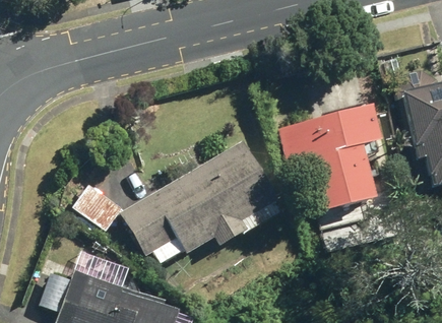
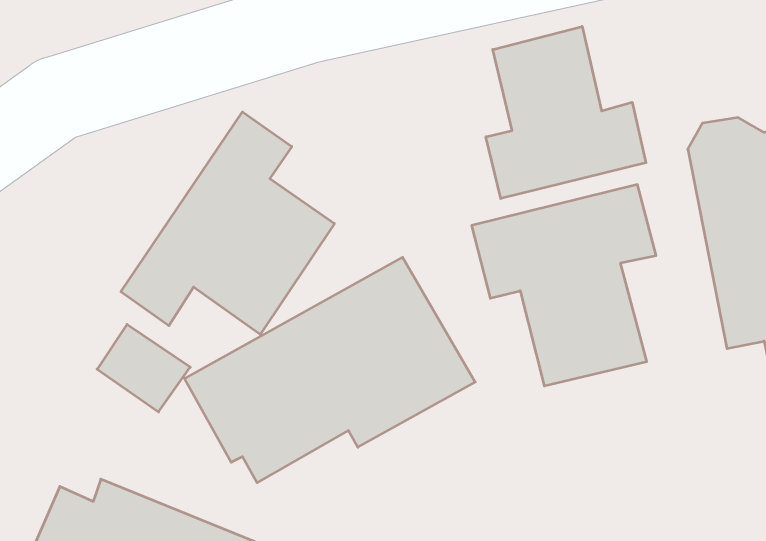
building: none -> [486,26,646,199]
building: none -> [121,112,334,335]

